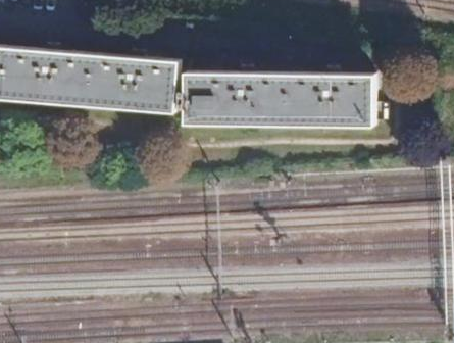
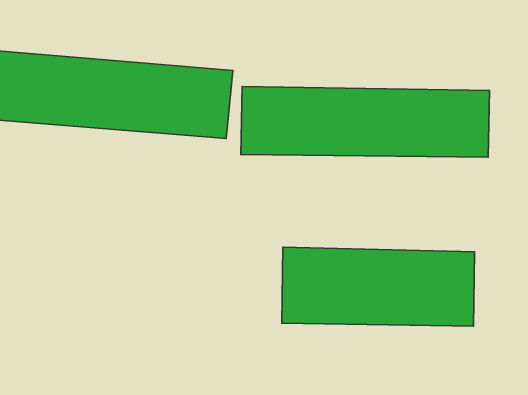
building: none -> [282,247,475,326]

